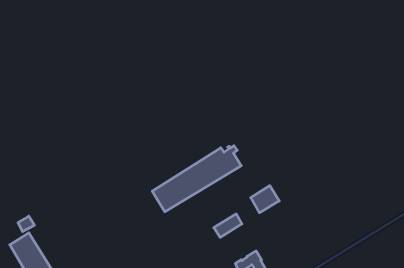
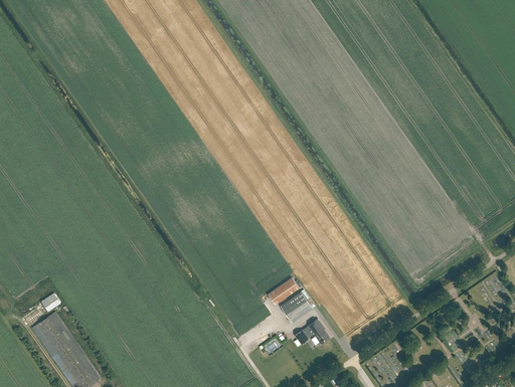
building: [152,146,241,212] -> none
building: [251,186,279,213] -> [281,289,314,322]

